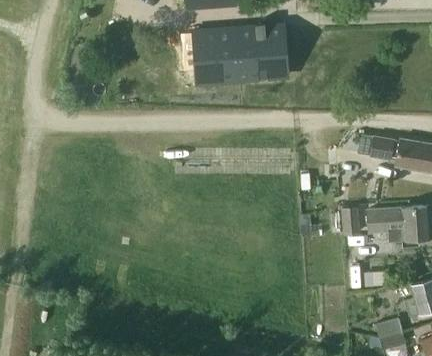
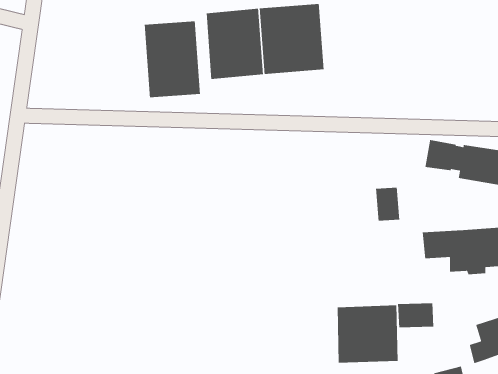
building: none -> [144,20,201,98]
building: [341,207,361,235] -> [375,187,400,221]
building: none -> [337,305,398,364]

